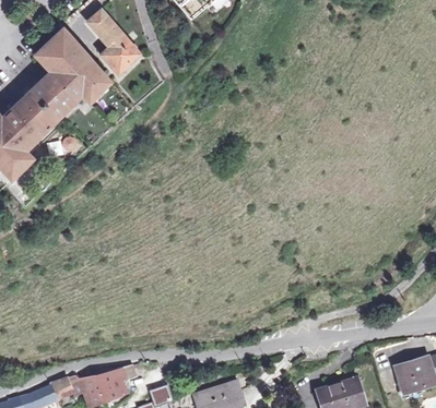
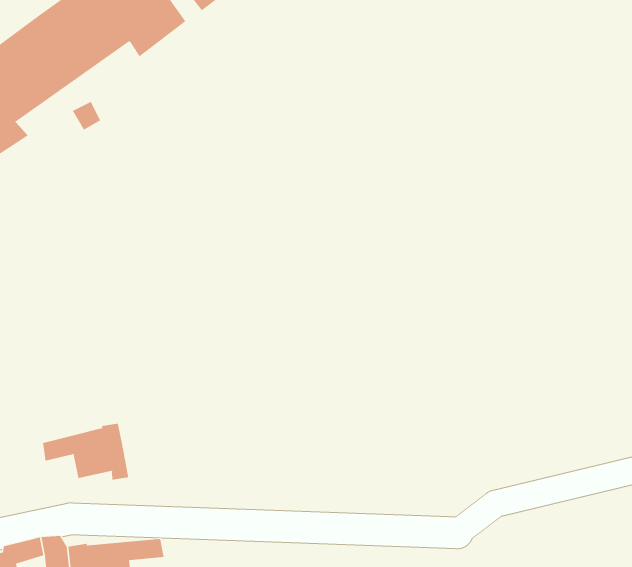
building: none -> [42,423,129,481]

